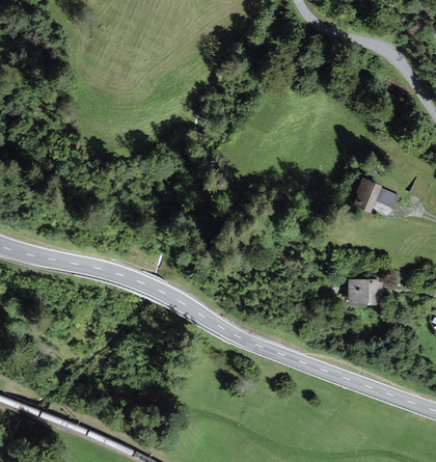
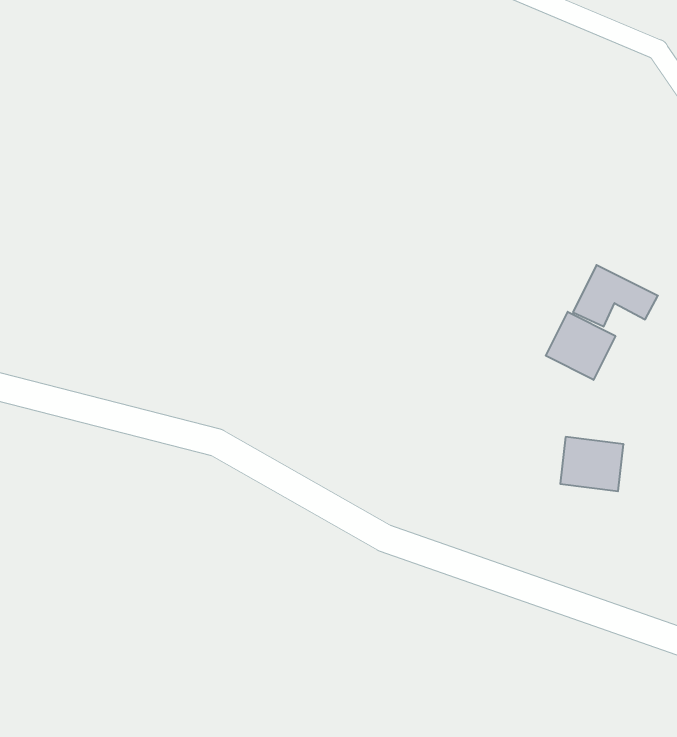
building: none -> [546,312,615,380]

